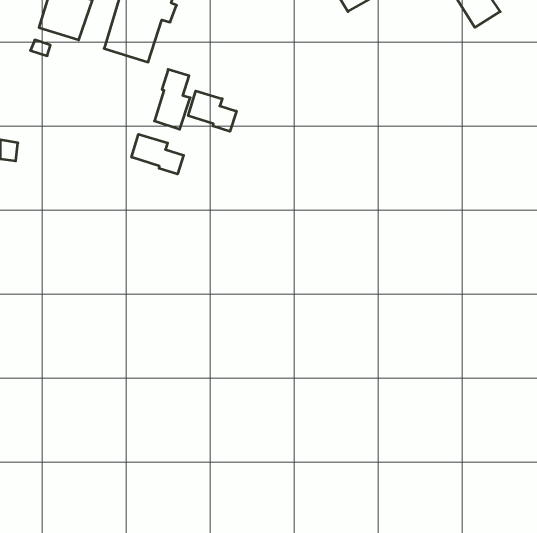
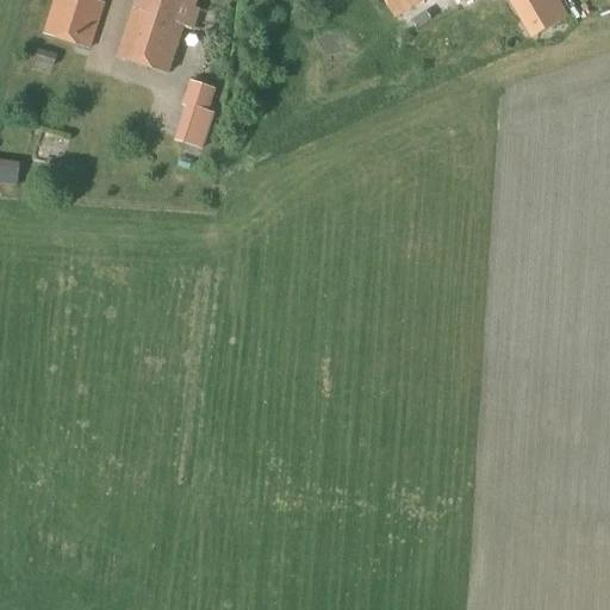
building: [188,91,236,131] -> none
building: [132,134,184,174] -> none

